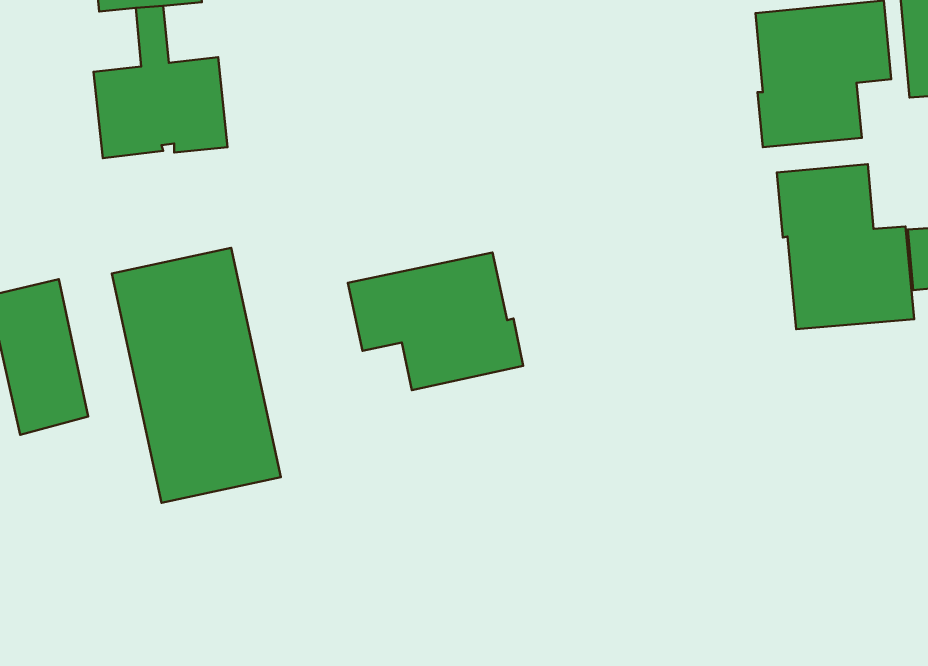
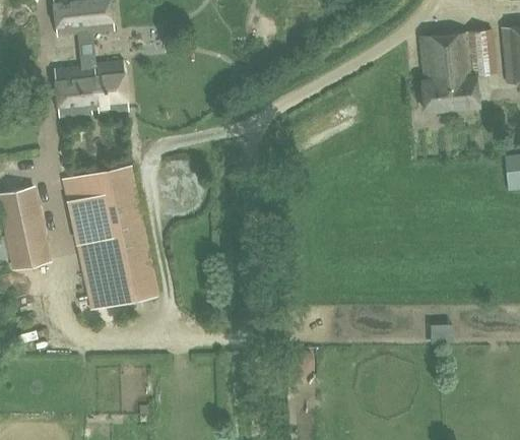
building: [777,164,914,329] -> none
building: [348,252,523,390] -> none

